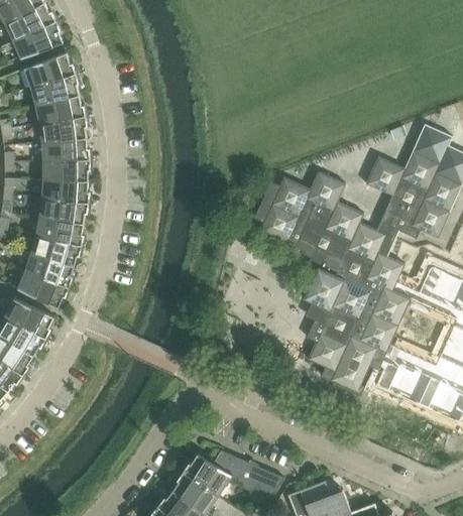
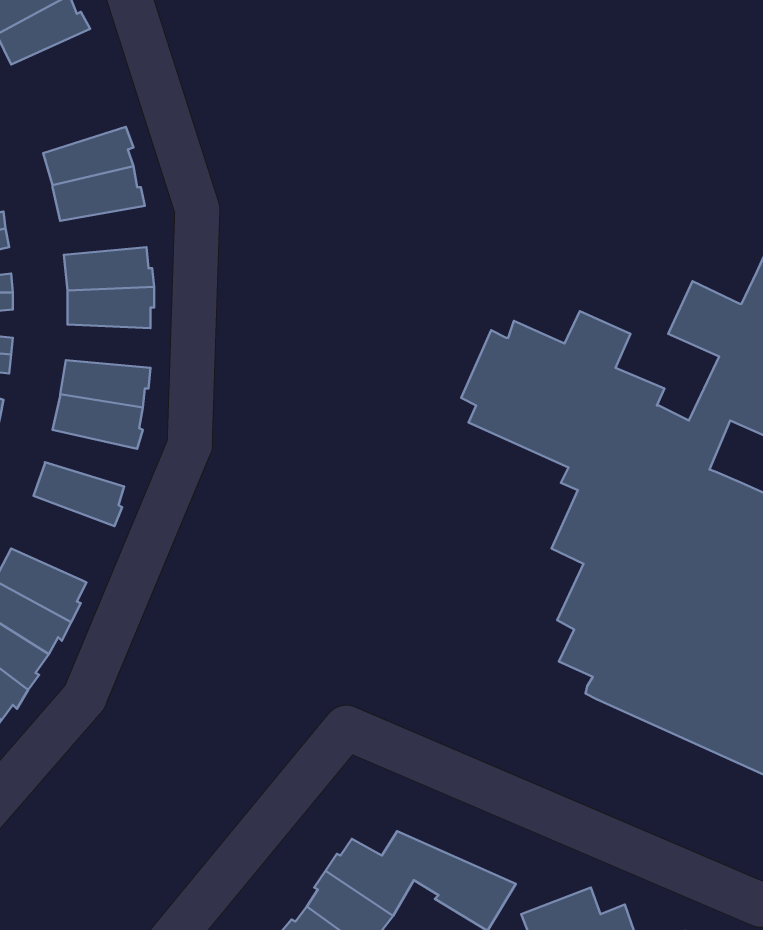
building: [13,20,63,58] -> none
building: [24,51,75,87] -> none
building: [39,115,87,141] -> none
building: [42,178,89,202] -> none
building: [31,235,81,265] -> none
building: [17,270,69,307] -> none

